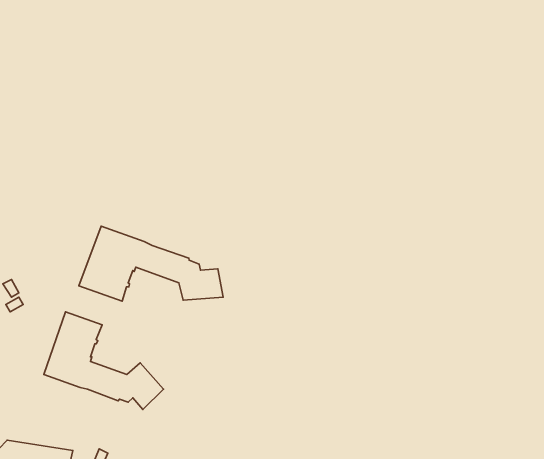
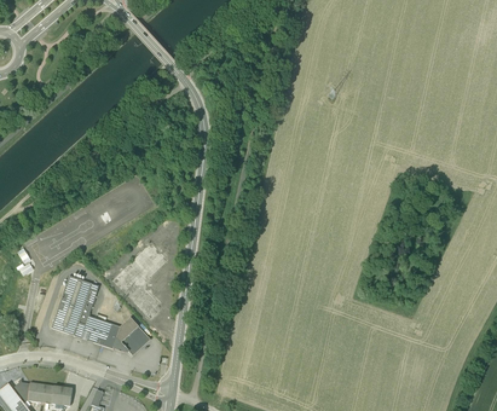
building: [79,226,223,301] -> none

